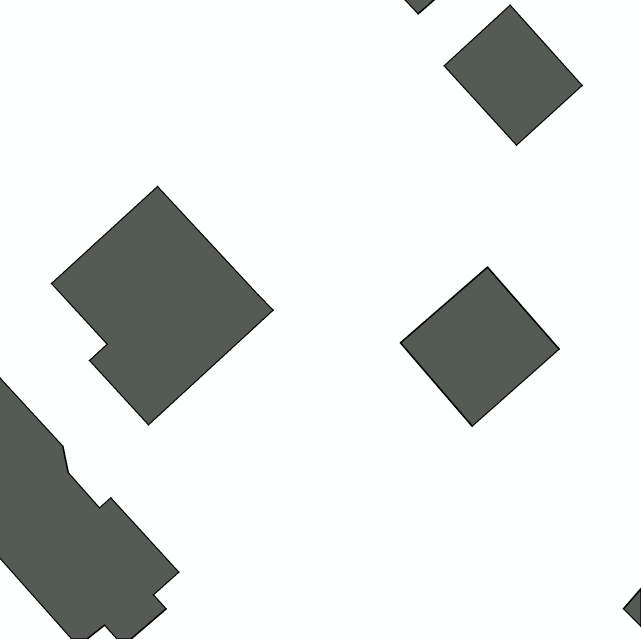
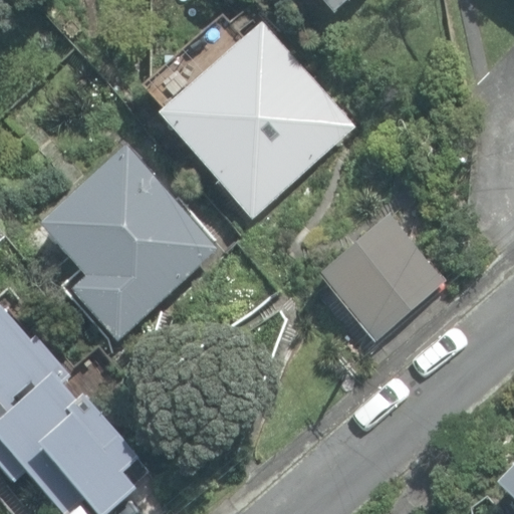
building: [444,5,582,145] -> none
building: none -> [162,23,353,215]

